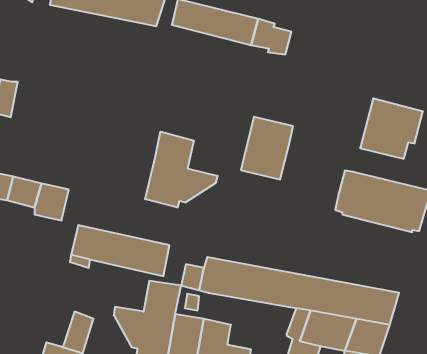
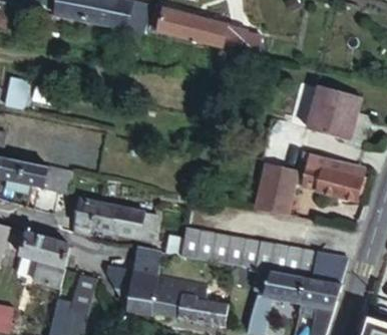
building: [241,117,293,180] -> [255,164,299,218]
building: [145,132,218,208] -> none
building: none -> [16,232,68,287]

